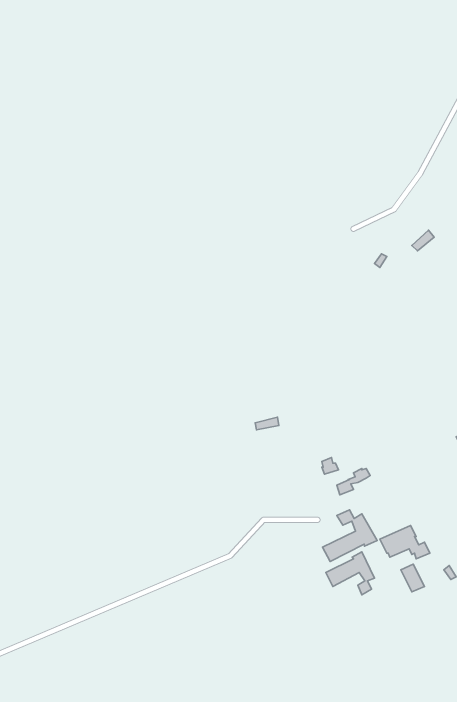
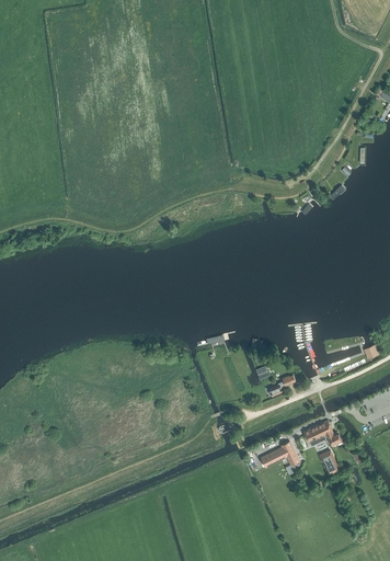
building: [322,510,377,562] -> none

